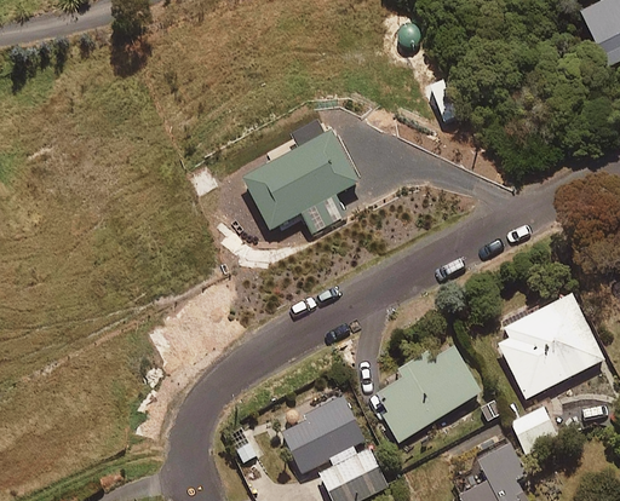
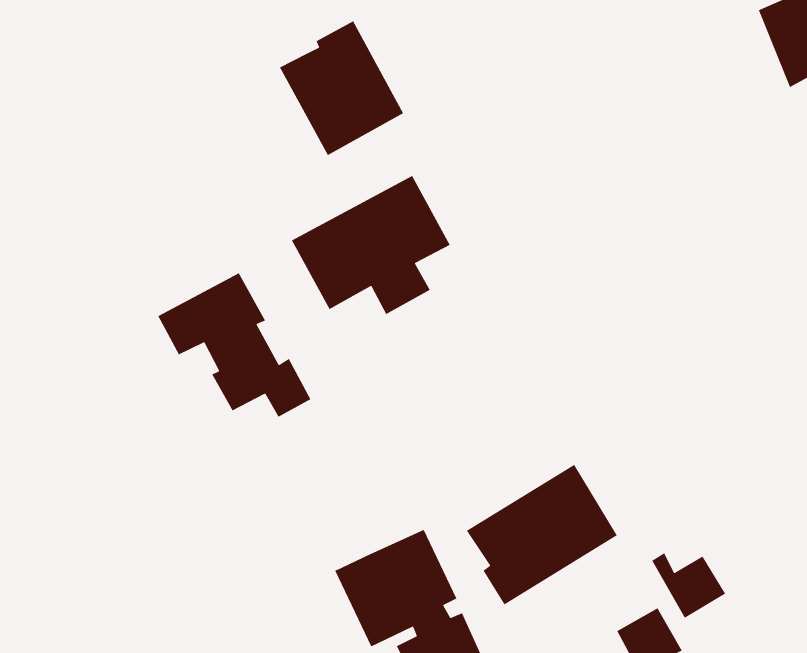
building: none -> [279,20,404,156]
building: none -> [157,272,311,418]
building: [498,293,604,398] -> none

